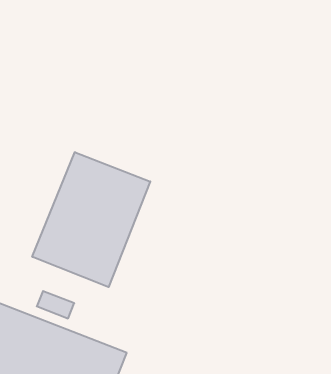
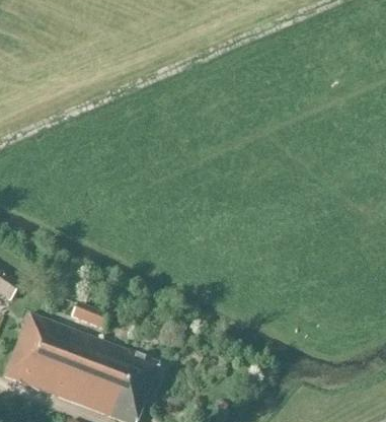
building: [32,152,150,287] -> none

